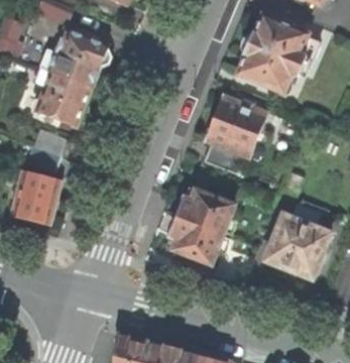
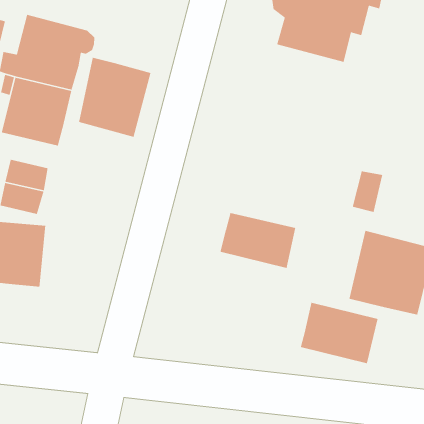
building: none -> [78,57,152,138]
building: [205,98,268,173] -> none
building: [165,216,224,265] -> [300,302,379,364]

